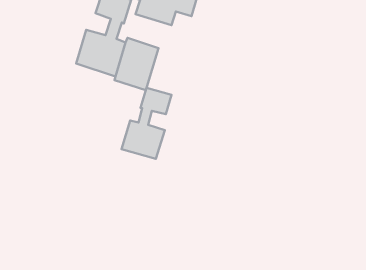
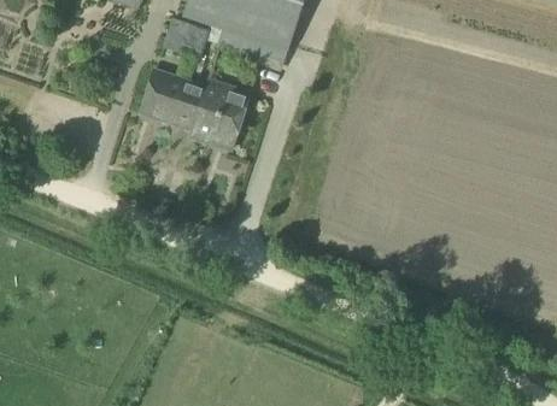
building: [121,88,171,159] -> none

